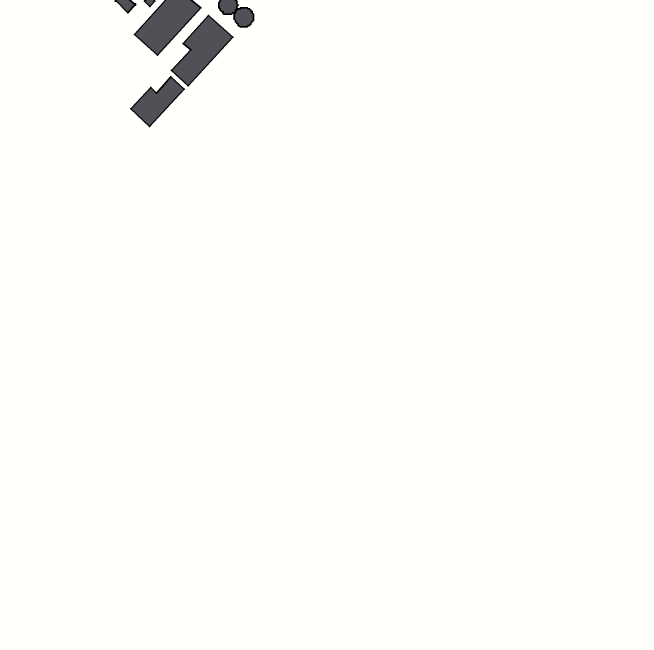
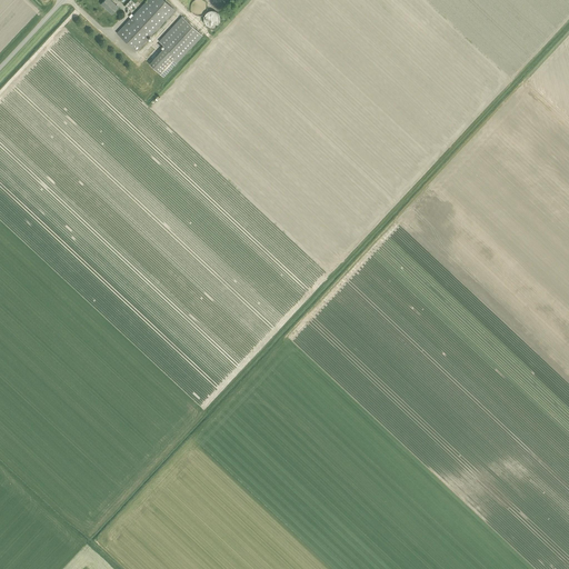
building: [131,77,184,127] -> none

